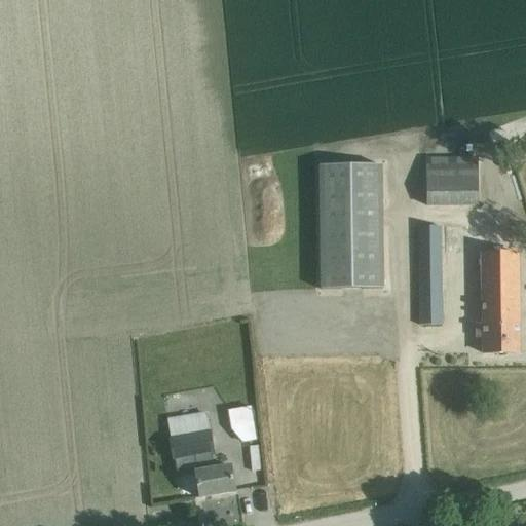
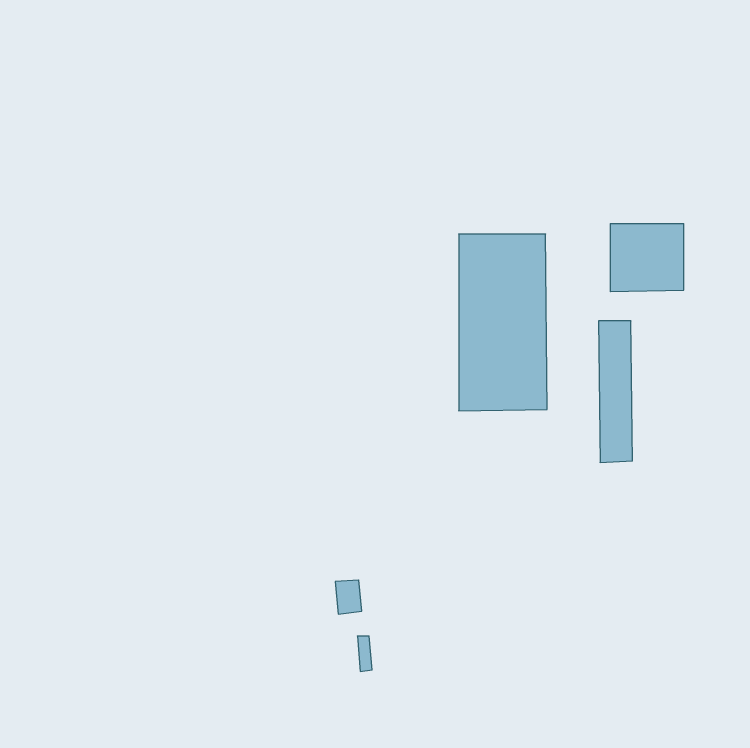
building: [481,252,520,351] -> none
building: [167,411,235,496] -> none

